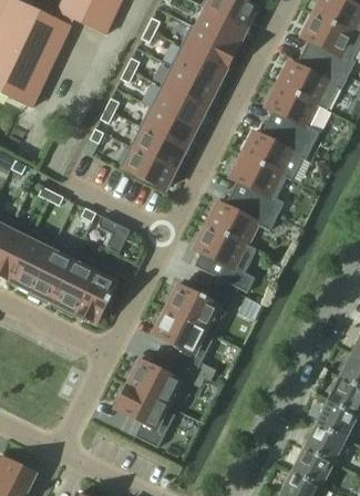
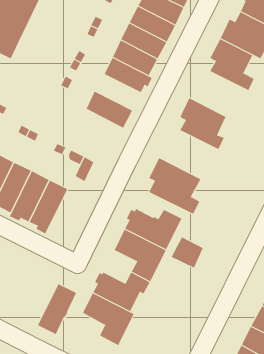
building: [241,123,312,179] -> none
building: [130,126,185,169] -> none
building: [206,193,277,250] -> none
building: [72,262,121,323] -> [36,283,77,335]
building: none -> [171,237,204,269]

